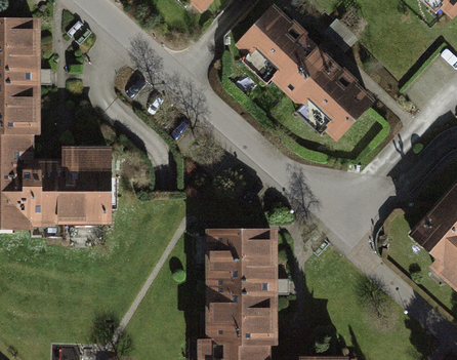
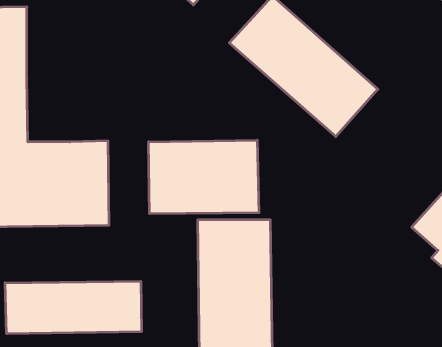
building: none -> [149,140,259,214]
building: none -> [5,281,141,334]

